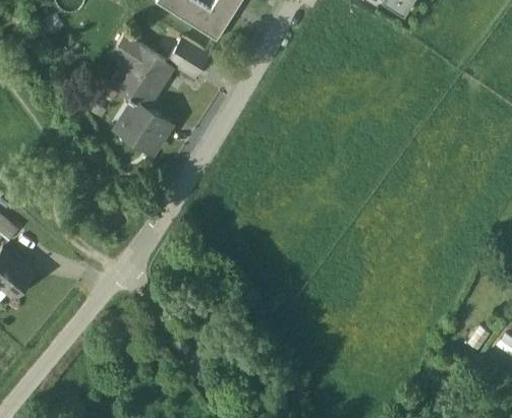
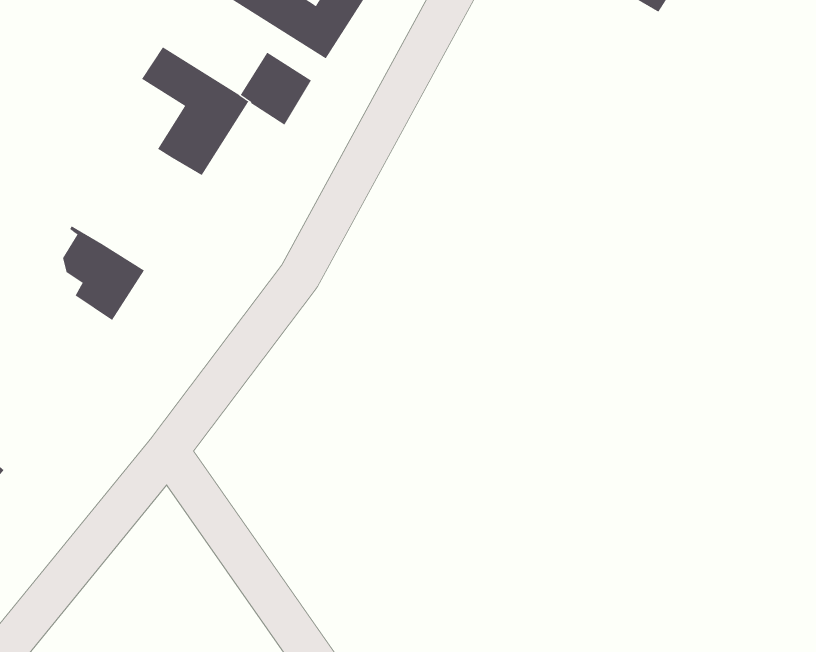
building: [123,98,170,152] -> [62,226,145,321]

